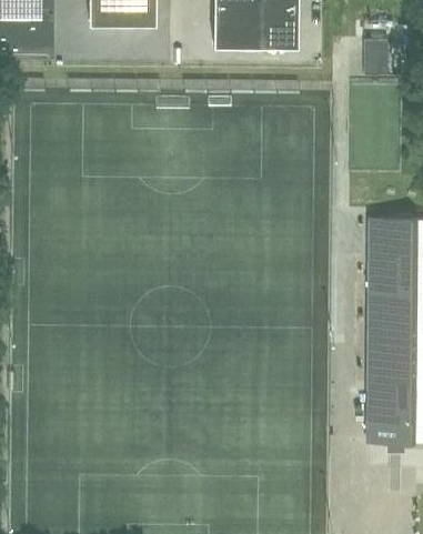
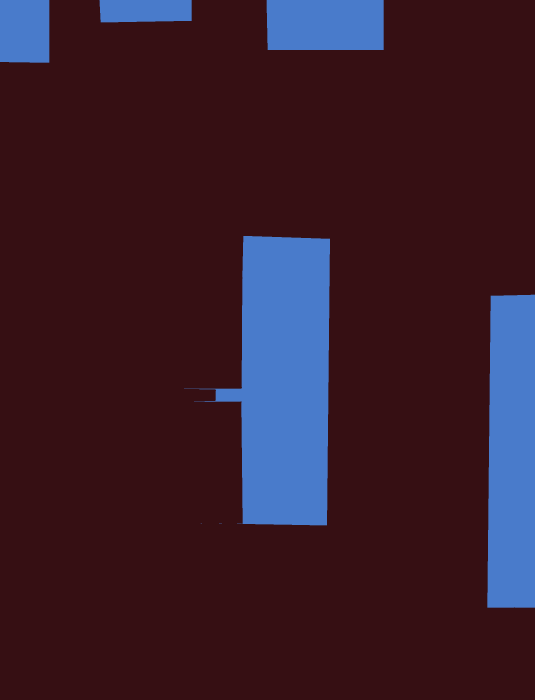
building: [365,37,389,73] -> none
building: none -> [182,235,331,526]

